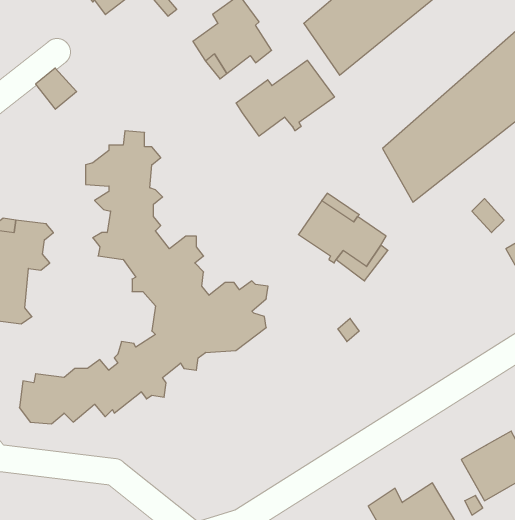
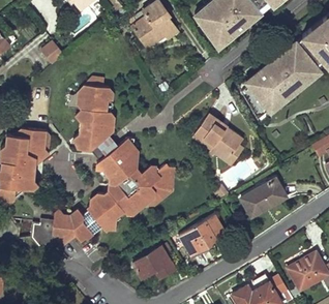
building: [236,60,334,136] -> none
building: none -> [241,178,287,217]
building: none -> [179,214,229,259]
building: none -> [132,243,176,278]

